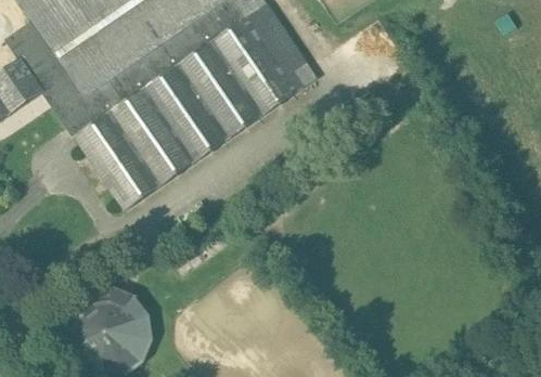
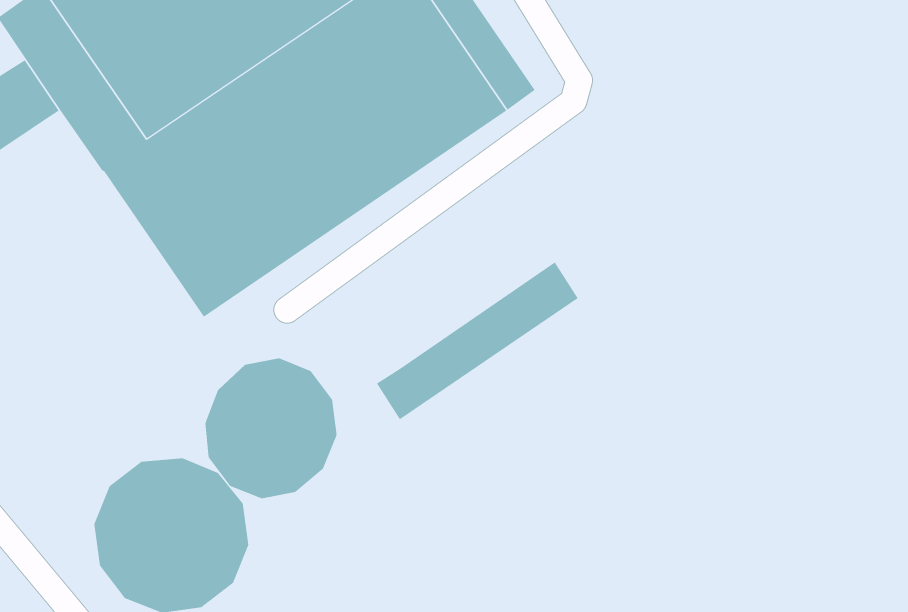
building: none -> [376,262,579,420]
building: none -> [205,358,337,499]

